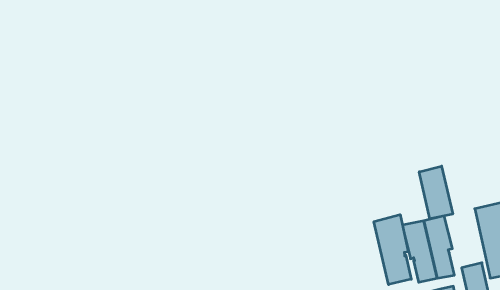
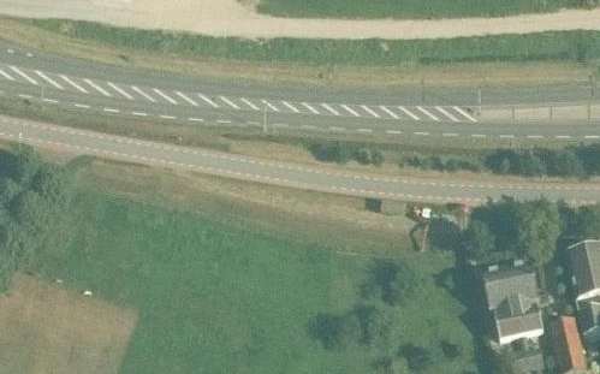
building: [419,166,453,219] -> none
building: [374,215,411,285] -> none

